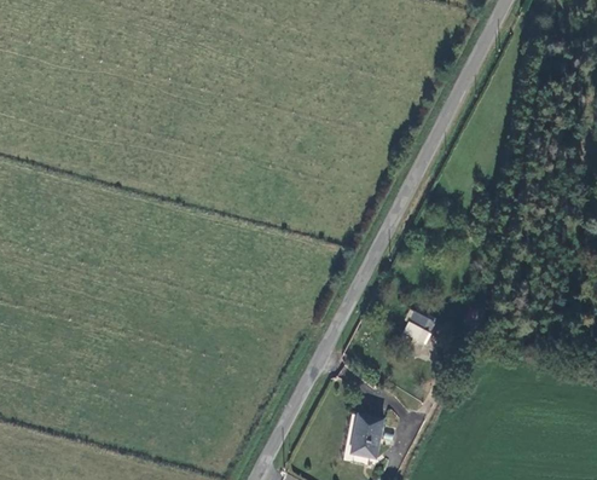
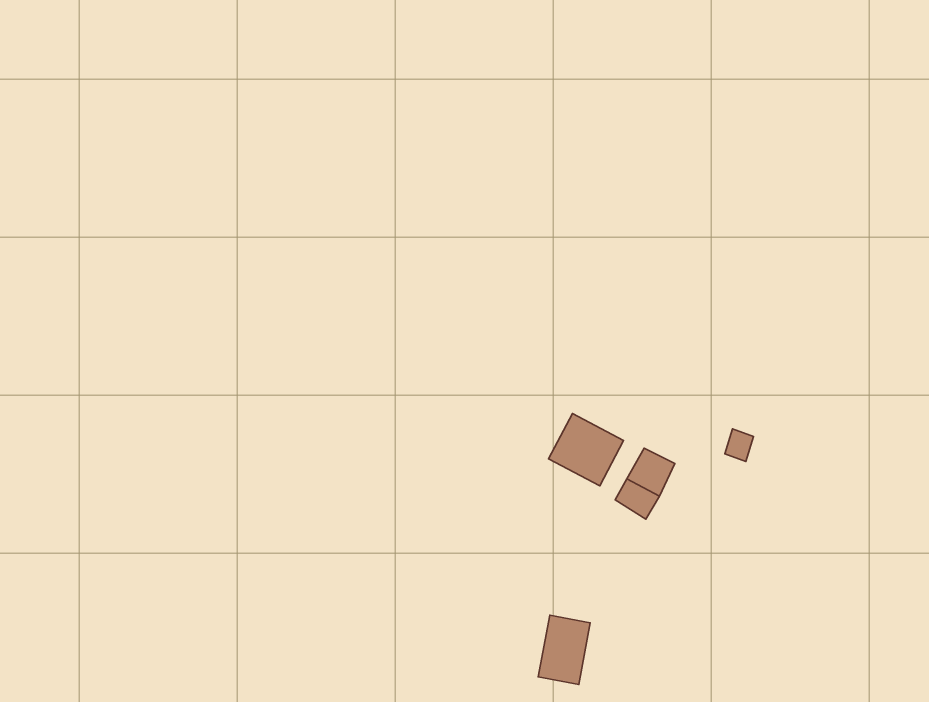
building: none -> [549,414,624,486]

